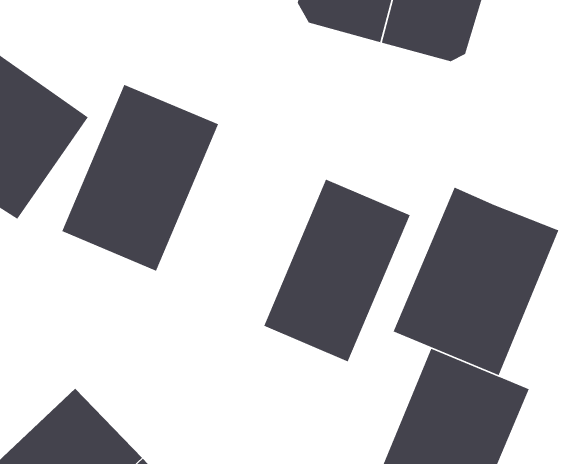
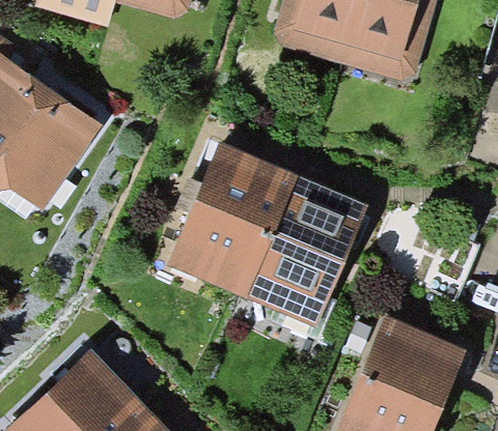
building: [61,84,219,272] -> [167,142,298,297]
building: [393,186,559,376] -> none

